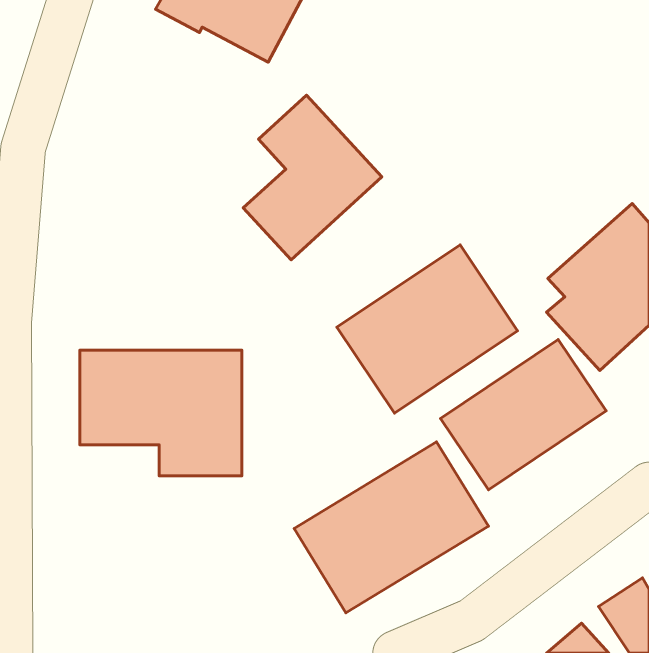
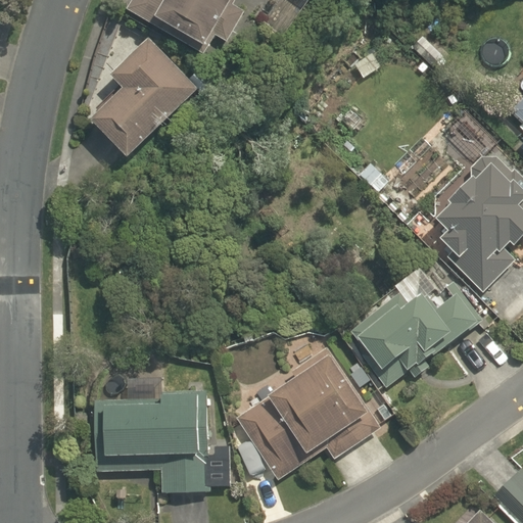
building: [243,95,382,260] -> [98,33,207,162]
building: [337,245,518,413] -> none
building: [80,350,242,476] -> [89,394,217,493]

